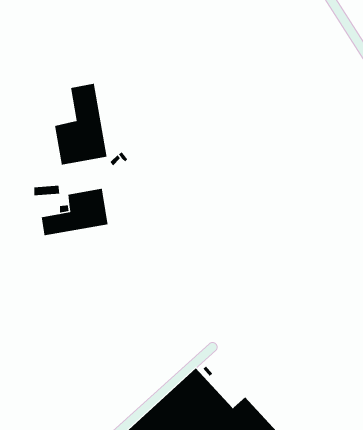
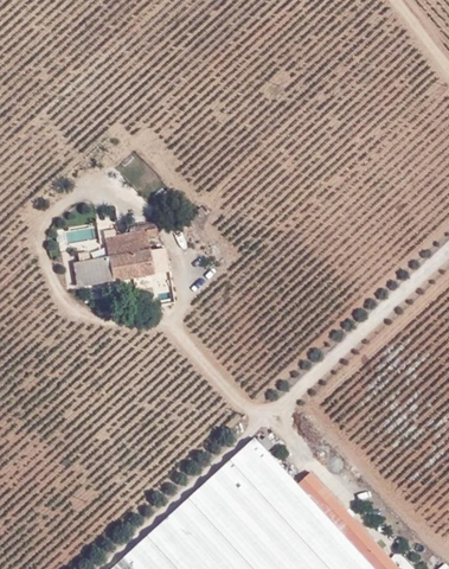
building: [54,83,107,166] -> none

